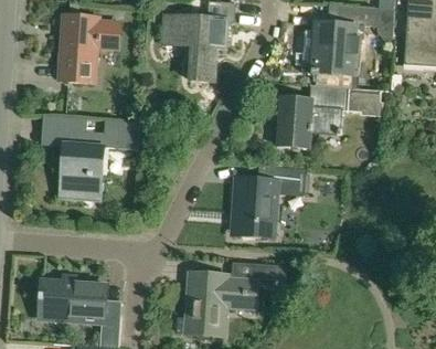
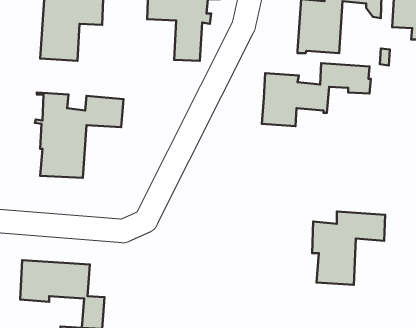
building: [234,165,306,236] -> [312,212,385,285]
building: [177,261,286,336] -> none

